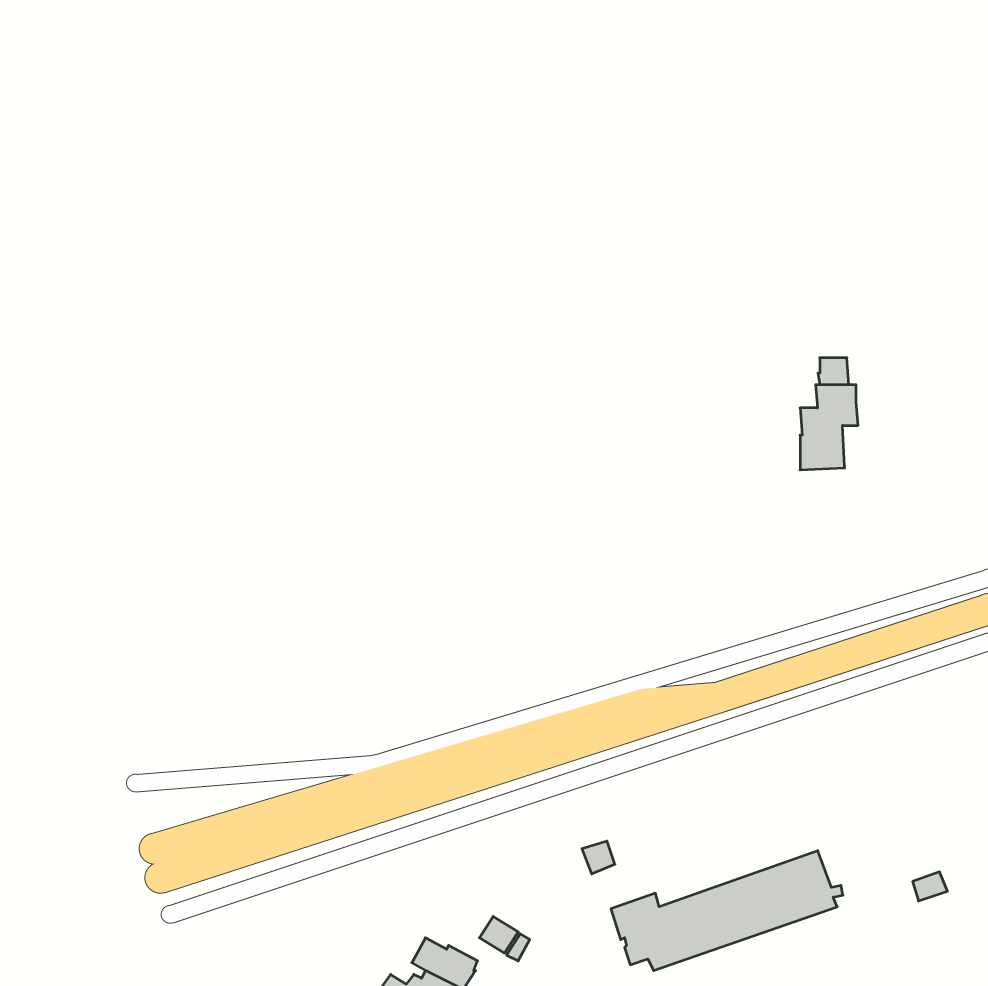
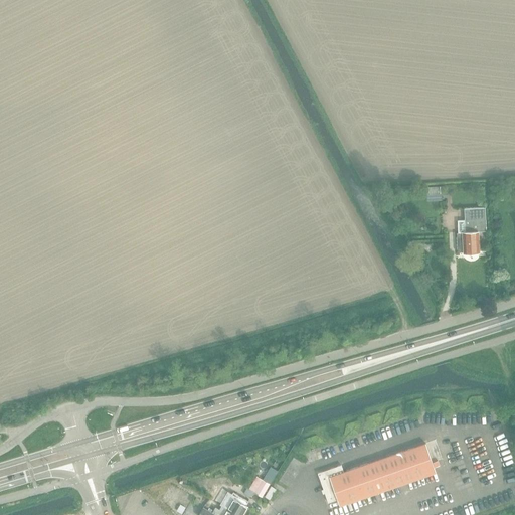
building: [800,385,858,470] -> [457,209,487,253]

